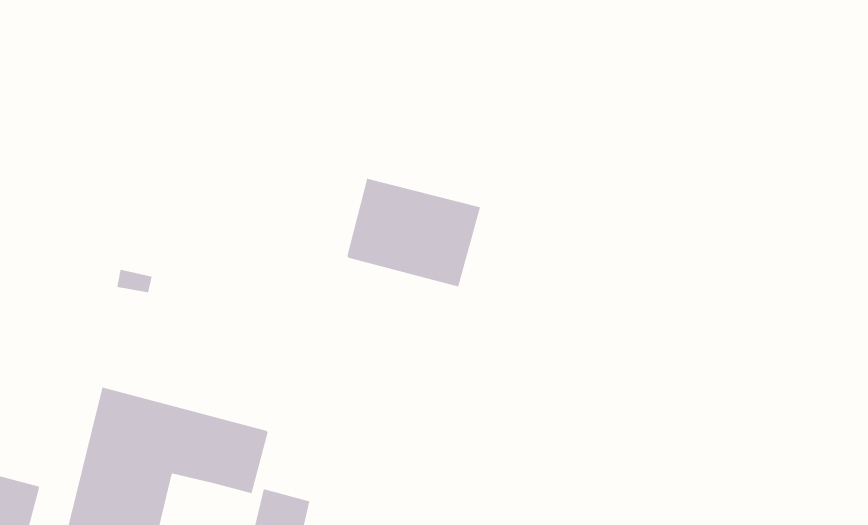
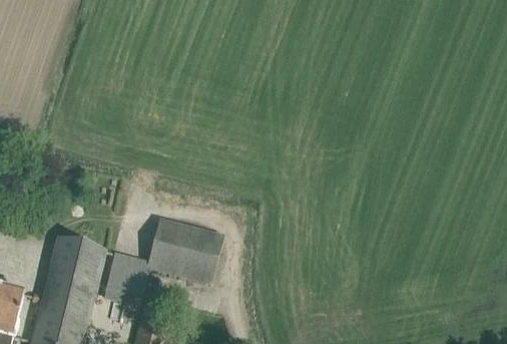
building: [347,178,481,287] -> [148,219,222,279]

